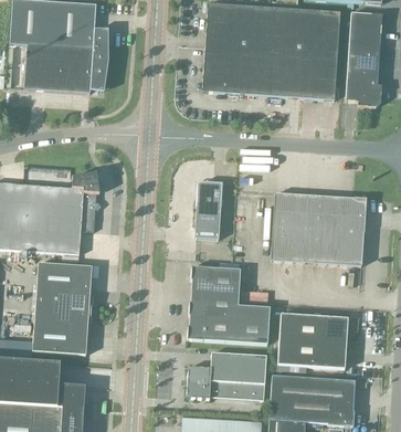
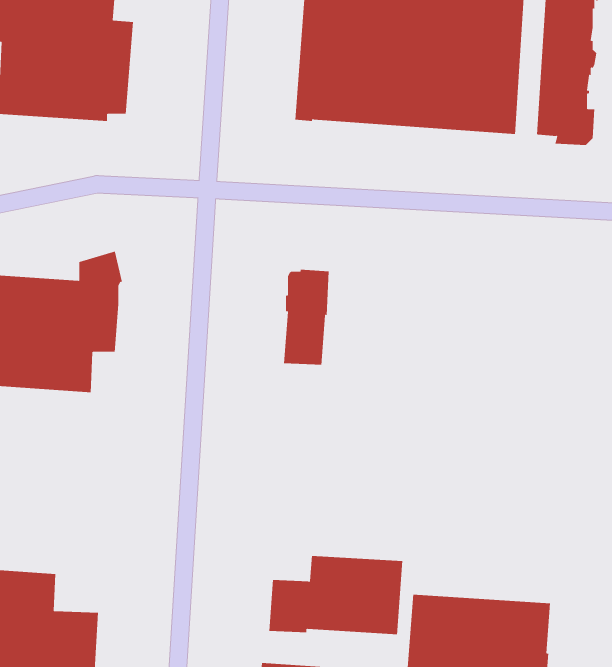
building: [271,192,368,265] -> none
building: [33,262,93,354] -> none
building: [189,265,271,343] -> none
building: [277,313,359,368] -> none

